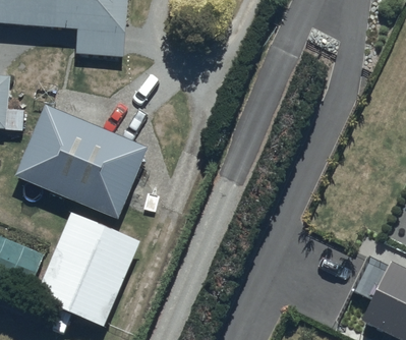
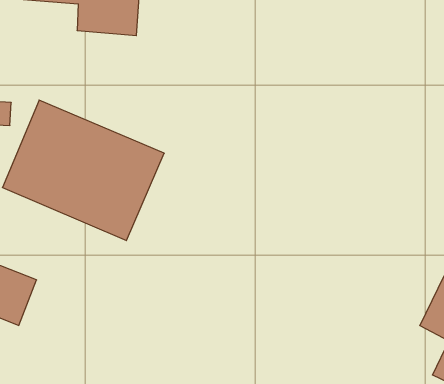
building: [33,214,138,327] -> none

